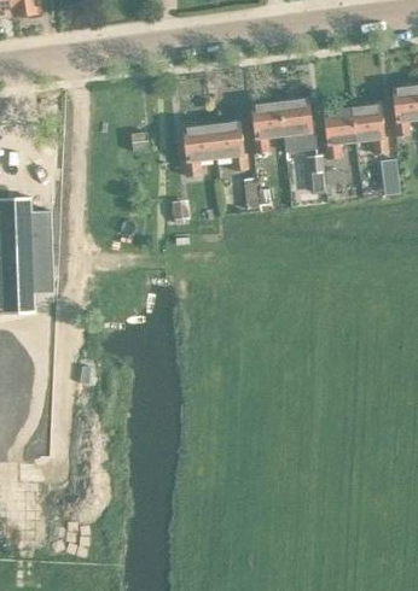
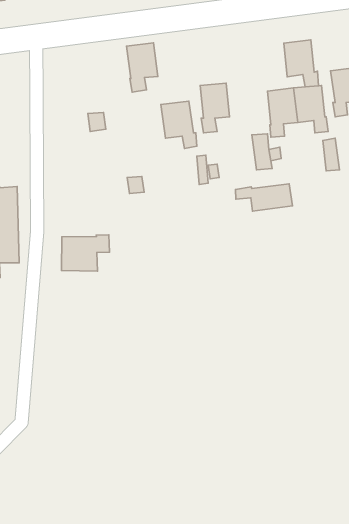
building: [278,96,315,147] -> [284,40,319,87]
building: [179,123,213,176] -> [126,43,158,92]
building: none -> [235,184,293,211]
building: none -> [62,235,110,271]

